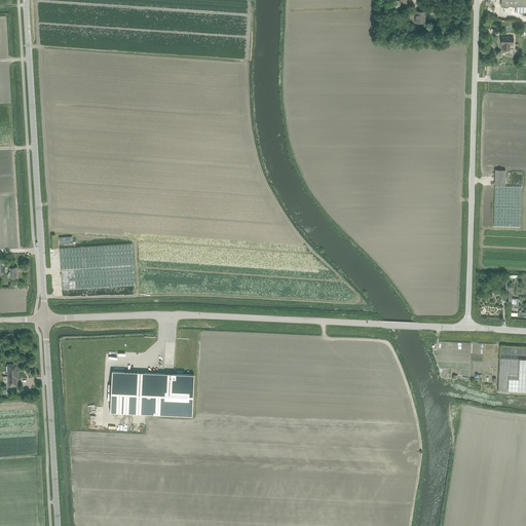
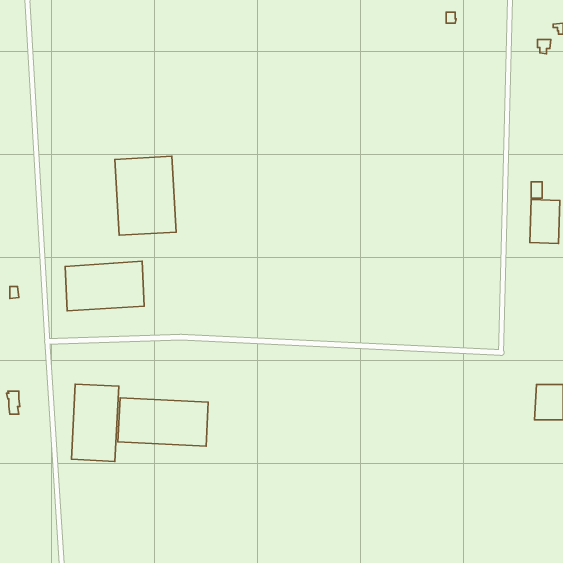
building: none -> [115,156,176,235]
building: none -> [71,384,119,461]

